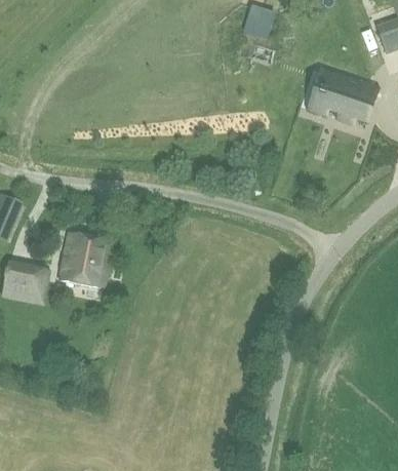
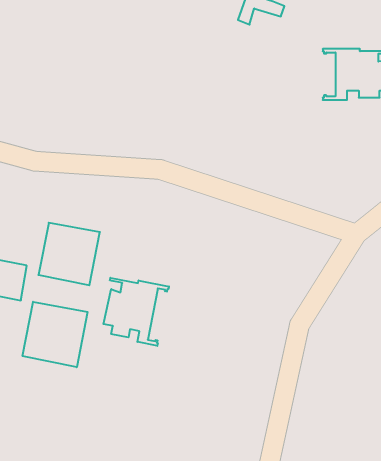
building: none -> [103,278,169,346]
building: none -> [23,302,88,367]

